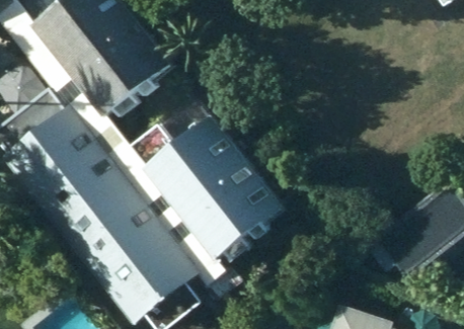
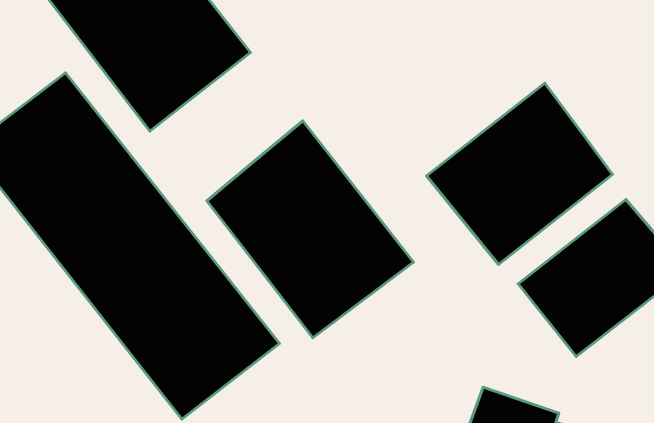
building: none -> [427,83,612,264]

